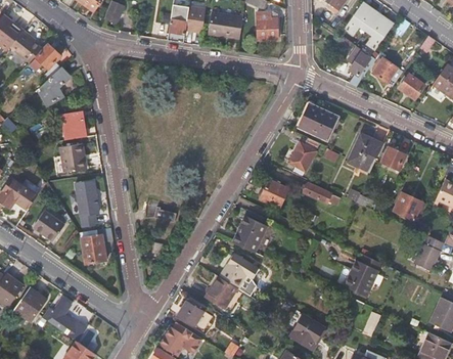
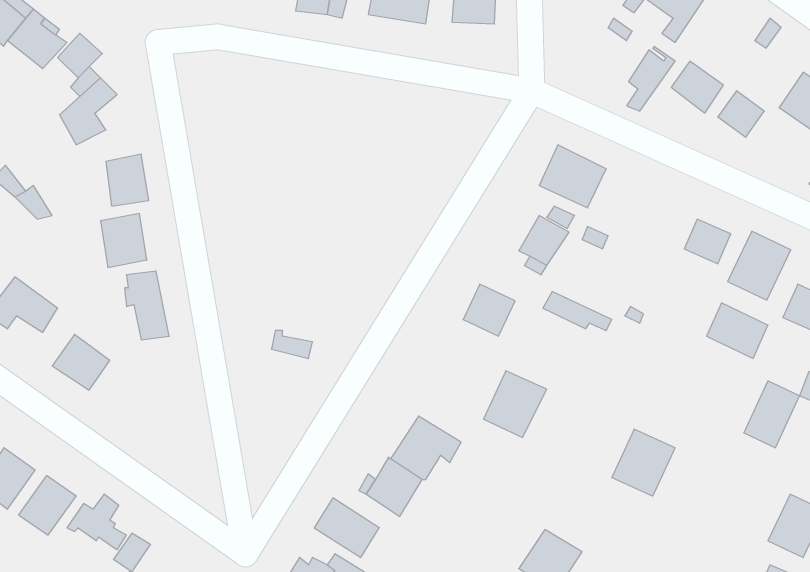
building: [349,134,383,172] -> [728,231,791,300]
building: [232,218,267,255] -> [483,371,547,438]
building: [82,233,106,262] -> none

